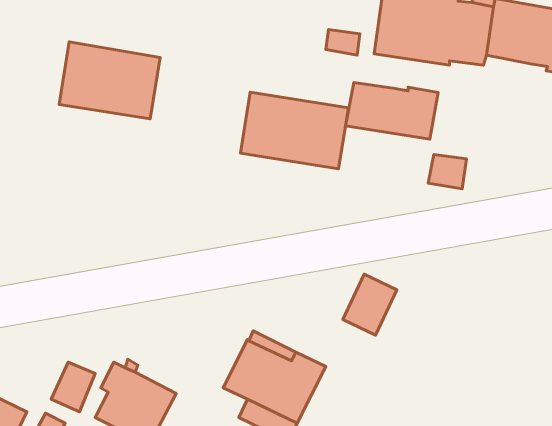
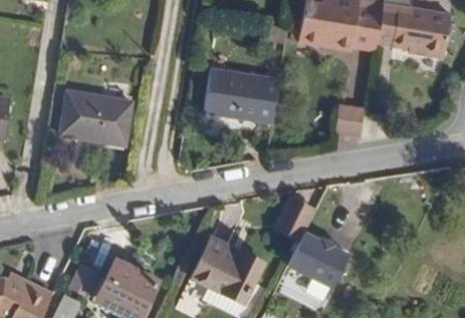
building: [59,42,160,119] -> [59,91,131,145]
building: [346,82,438,139] -> none
building: none -> [286,234,346,290]

